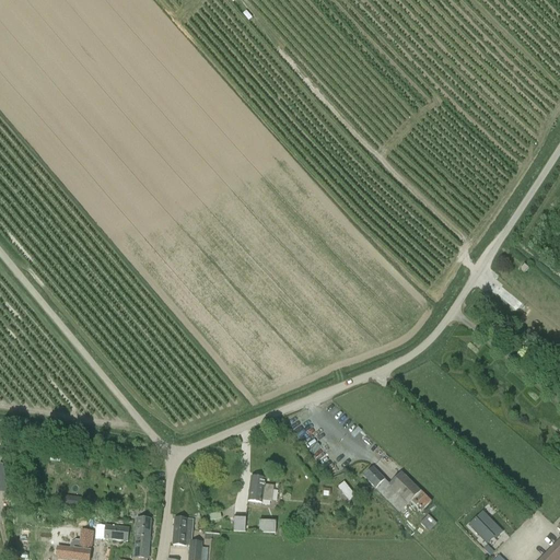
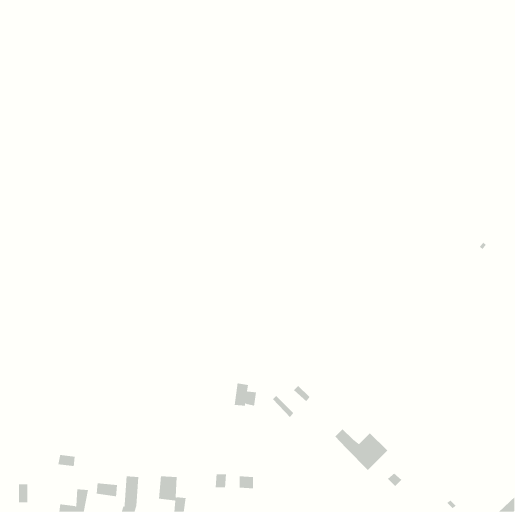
building: [248,475,273,500] -> [234,383,257,406]
building: [467,510,501,542] -> none

